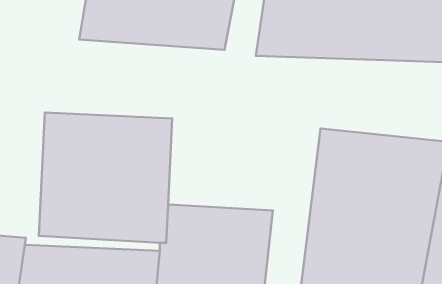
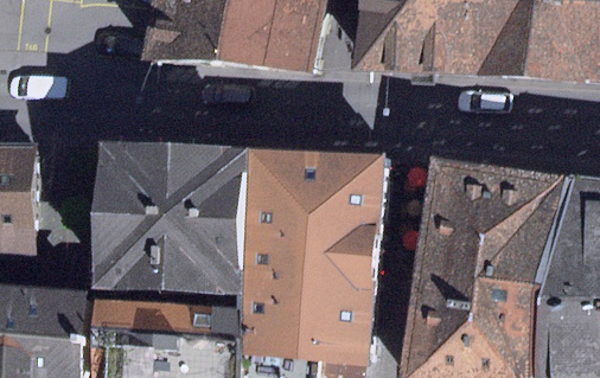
building: none -> [250,150,385,258]

